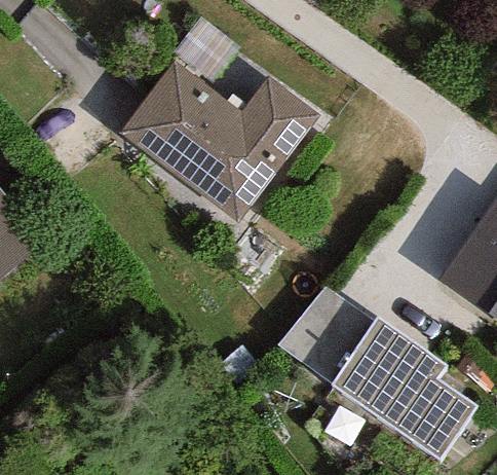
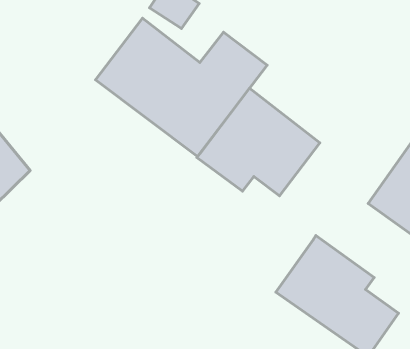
building: none -> [197,88,320,196]
building: [278,286,375,382] -> none

